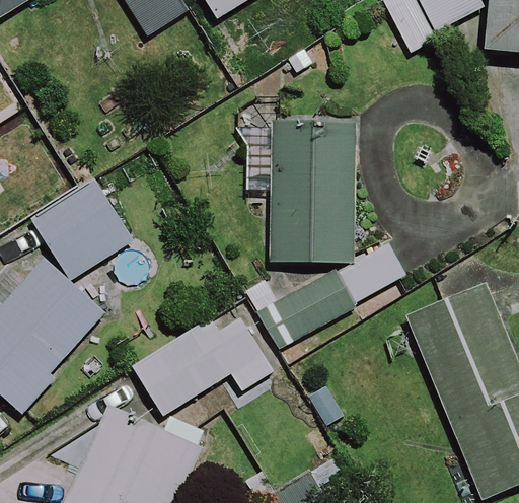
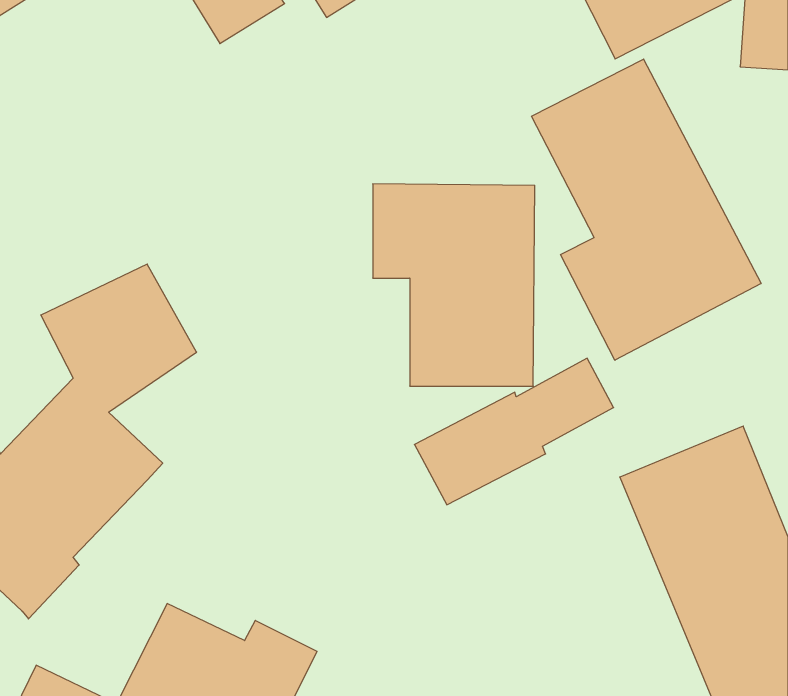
building: none -> [532,59,761,360]
building: [130,310,270,415] -> none

